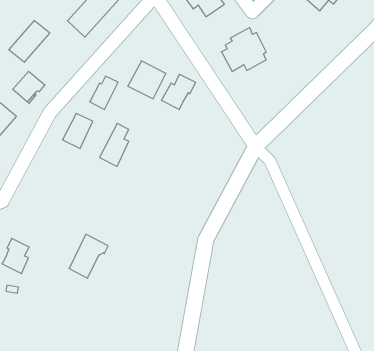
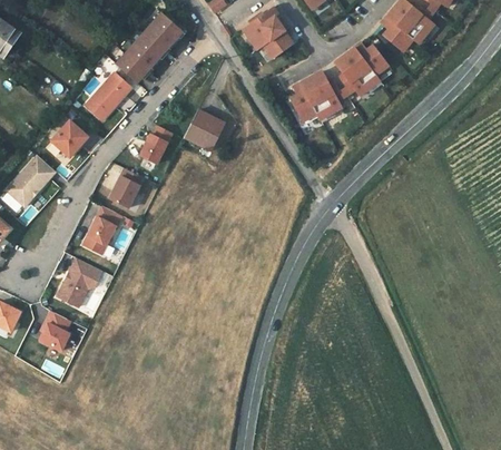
building: none -> [334,45,387,95]
building: [9,20,50,62] -> [84,72,130,120]
building: [161,74,196,110] -> none
building: [100,123,129,166] -> [81,205,115,254]
building: [69,234,108,278] -> [57,257,101,307]

